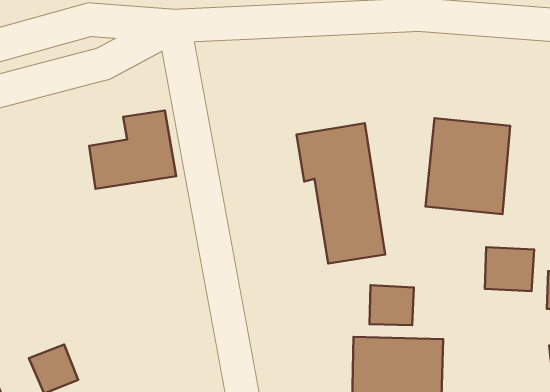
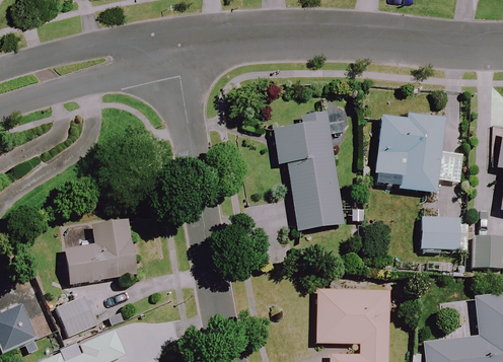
building: [89,110,176,189] -> [66,220,136,283]
building: [369,285,414,325] -> none

